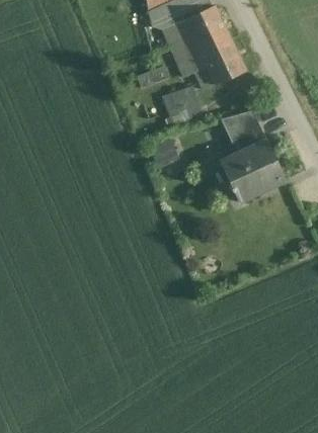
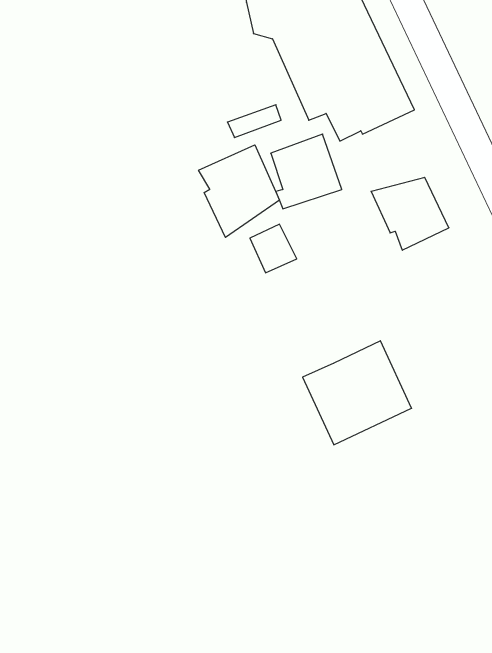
building: none -> [199,145,279,237]
building: [221,140,285,200] -> [303,341,412,445]

